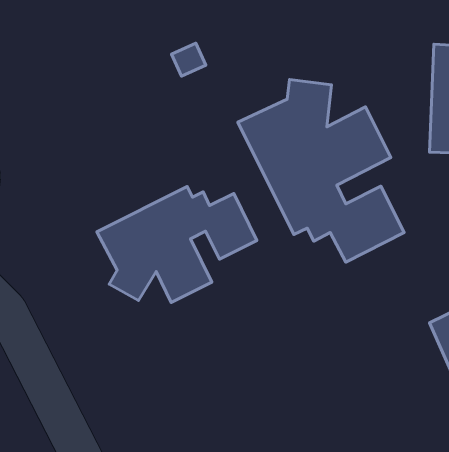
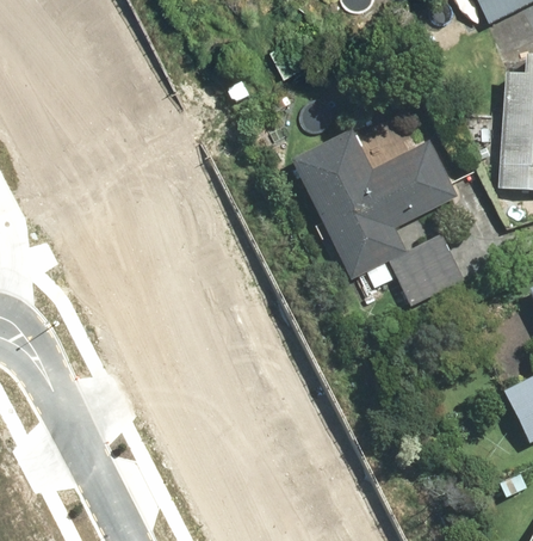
building: [97,187,257,303] -> none

